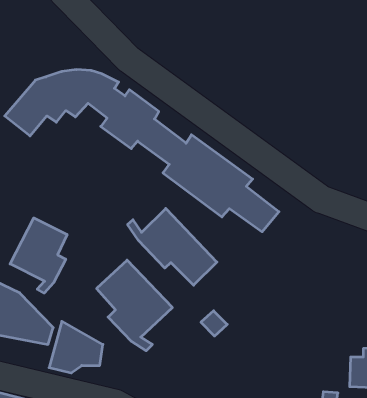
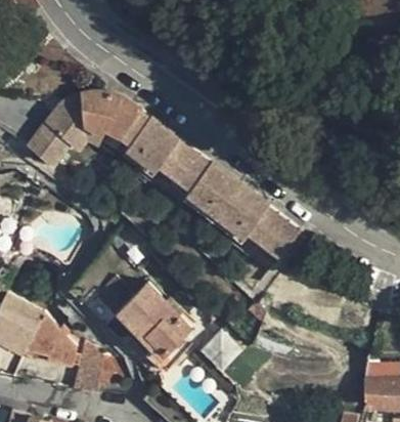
building: [128,208,217,285] -> none
building: [10,218,67,293] -> none

